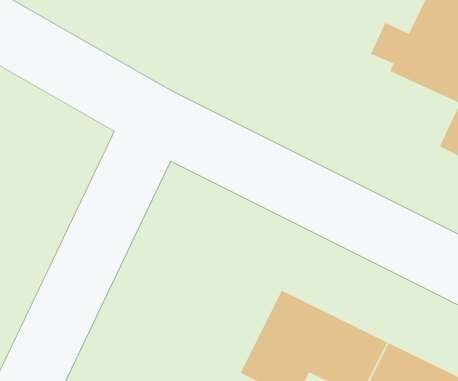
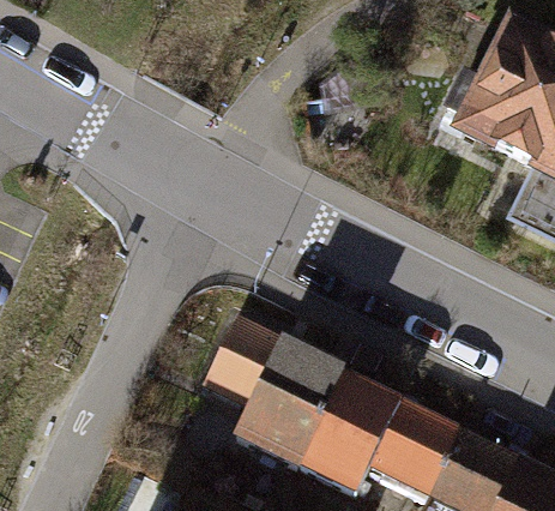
building: none -> [211,319,346,464]

